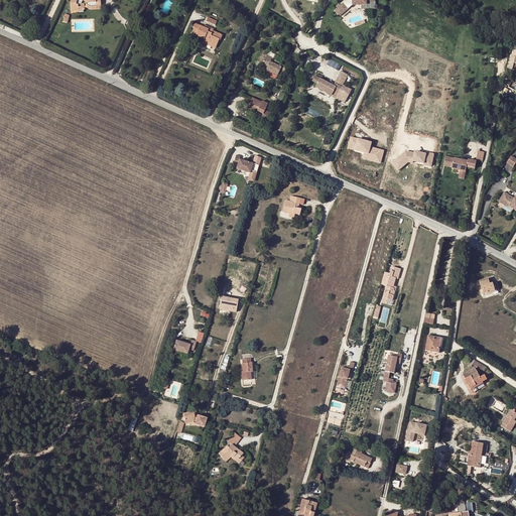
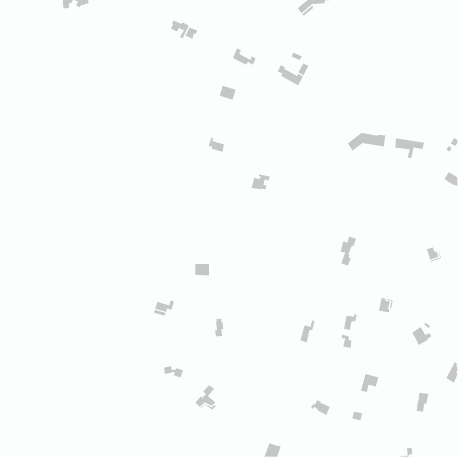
building: [347,136,384,162] -> none

